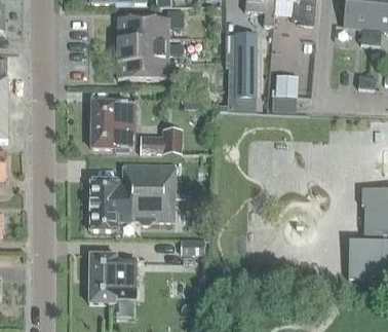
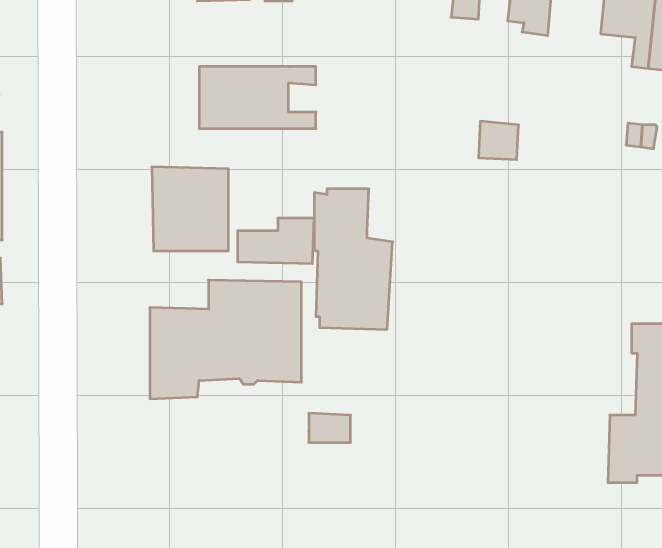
building: [118,10,184,43] -> none
building: [226,33,270,112] -> [314,189,393,329]
building: [89,253,137,302] -> none

